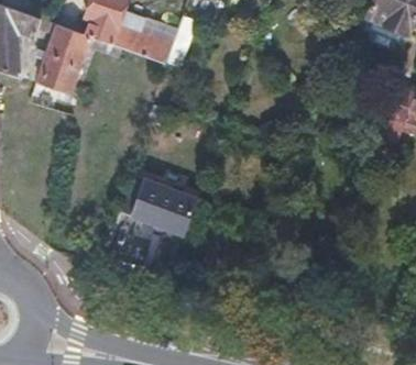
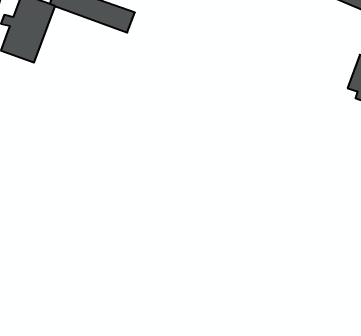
building: [132,174,200,231] -> none

